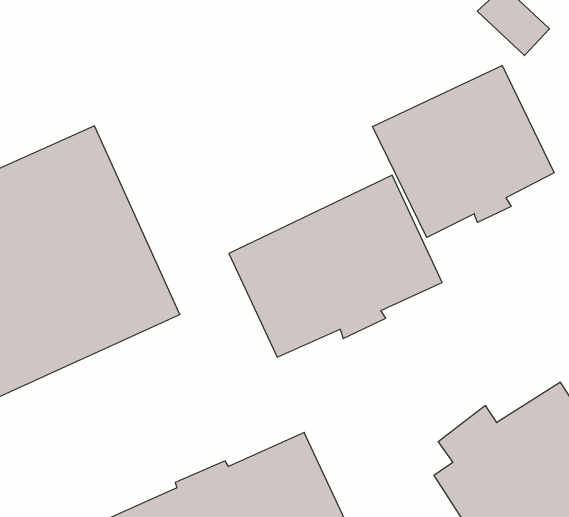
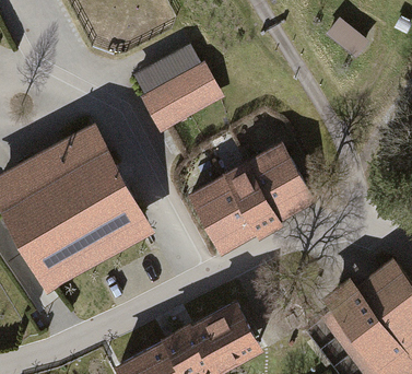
building: none -> [133,45,224,135]
building: [373,65,554,237] -> none

